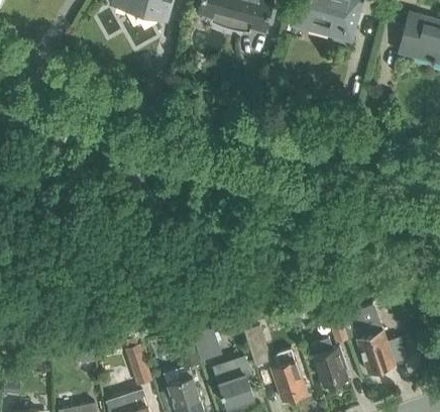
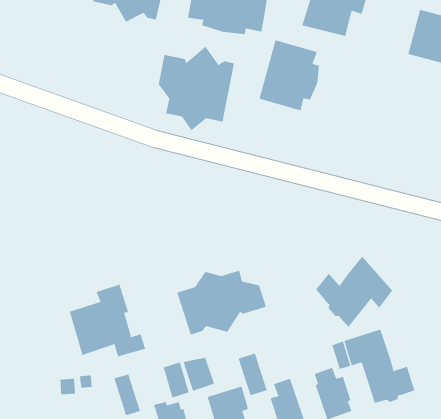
building: none -> [259,39,320,111]
building: none -> [158,46,234,131]
building: none -> [315,256,393,327]
building: none -> [177,270,267,335]
building: none -> [69,284,146,357]

